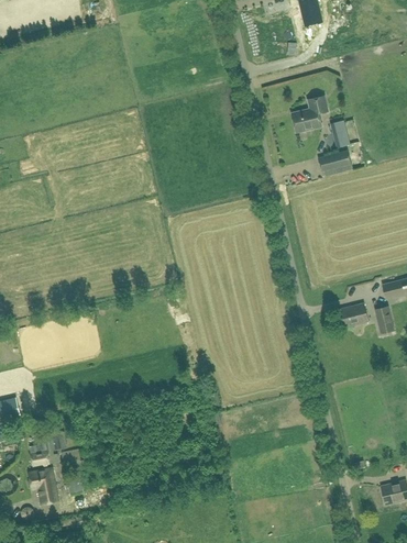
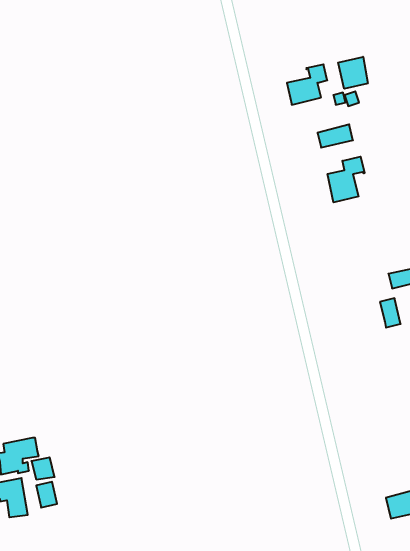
building: none -> [338,57,368,89]
building: none -> [328,157,365,202]
building: [338,303,367,328] -> none

